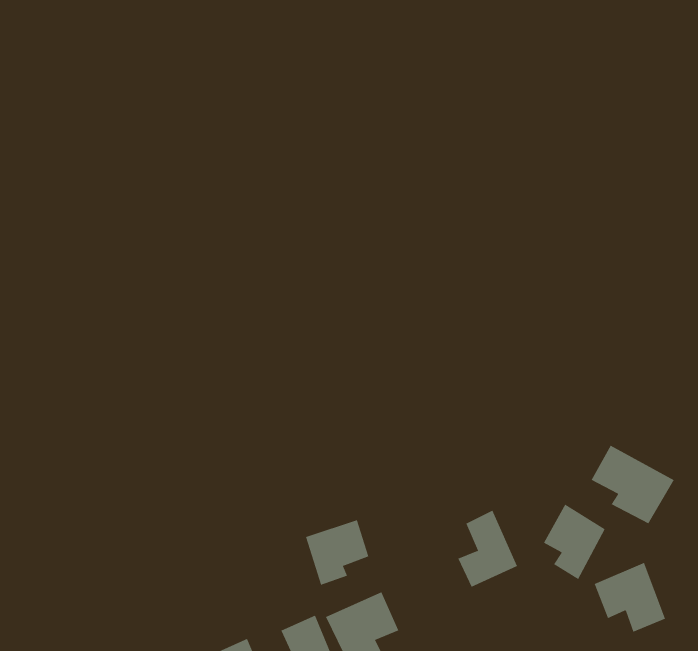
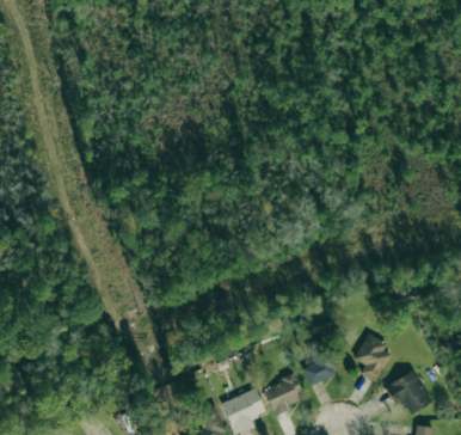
building: [591,445,675,524] -> none
building: [305,519,369,586] -> [264,375,303,416]

